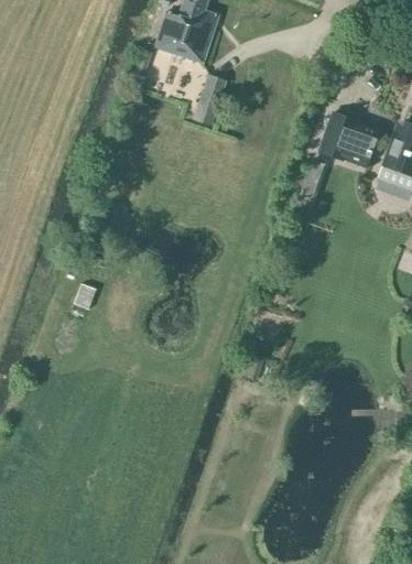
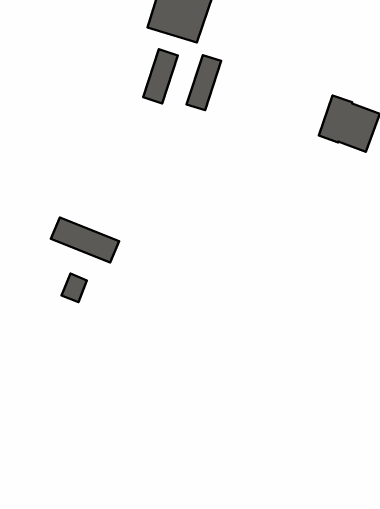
building: none -> [143,49,178,104]
building: none -> [51,217,119,263]

